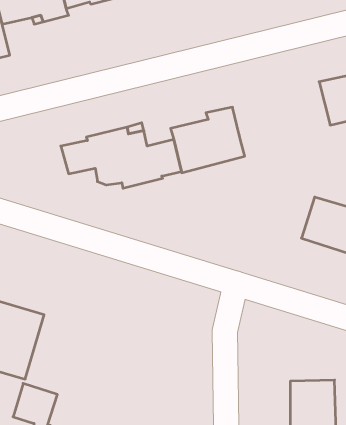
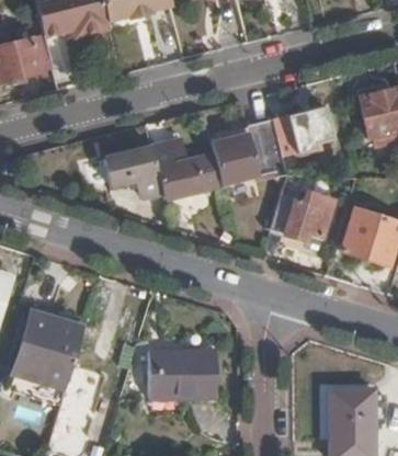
building: none -> [272,105,333,157]
building: none -> [270,176,333,246]
building: none -> [149,349,218,400]

